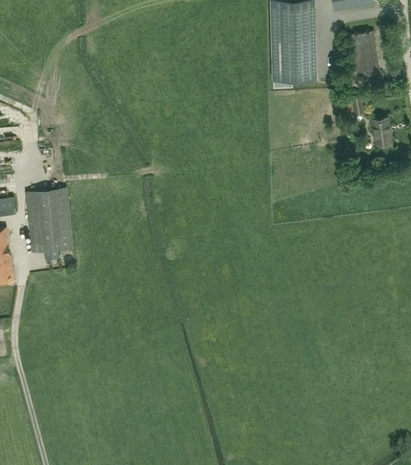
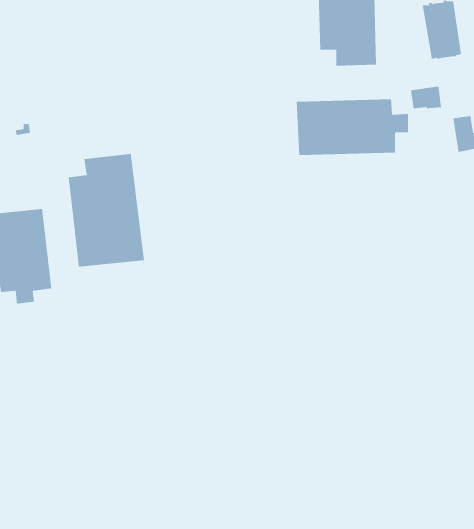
building: none -> [296,99,408,156]
building: none -> [68,153,144,268]

